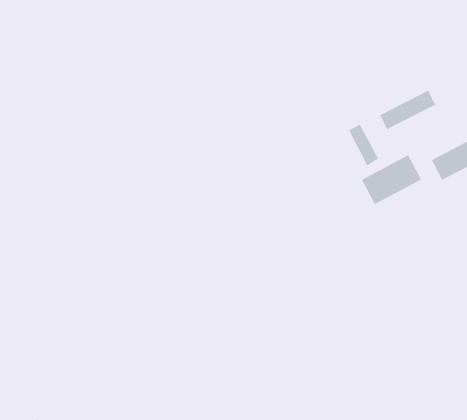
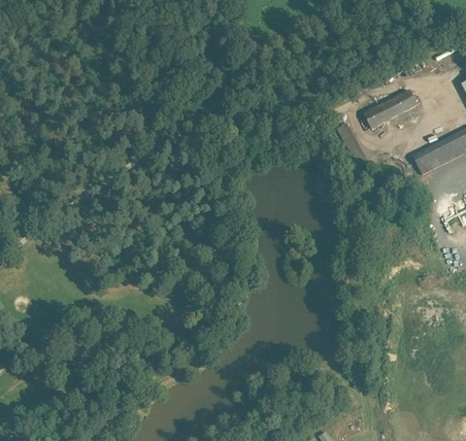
building: [361,154,422,205] -> none

